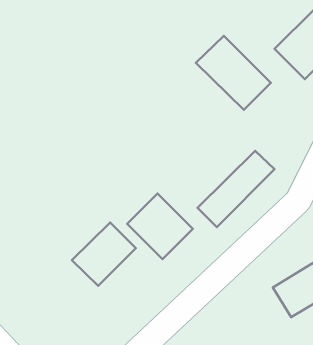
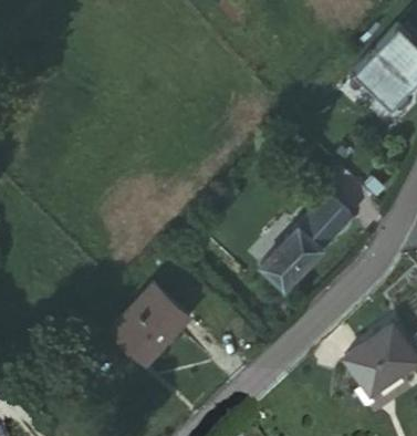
building: [196,36,271,110] -> none
building: [127,194,193,259] -> none

